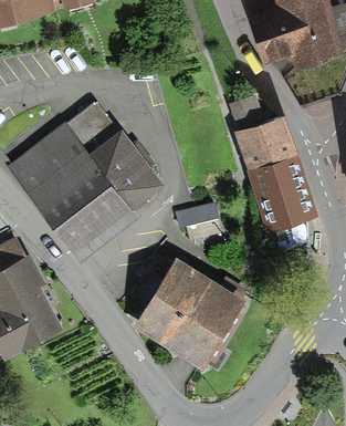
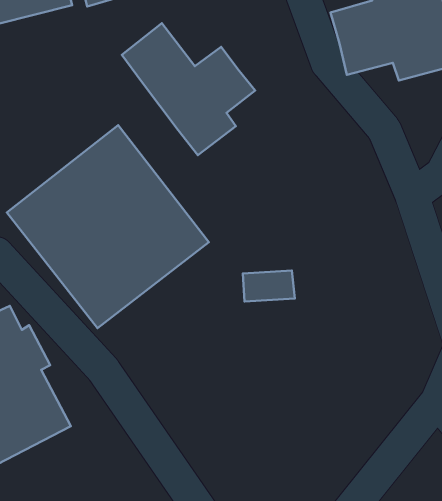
building: none -> [122,23,255,155]
building: [237,92,316,224] -> none
building: [133,258,242,366] -> none

